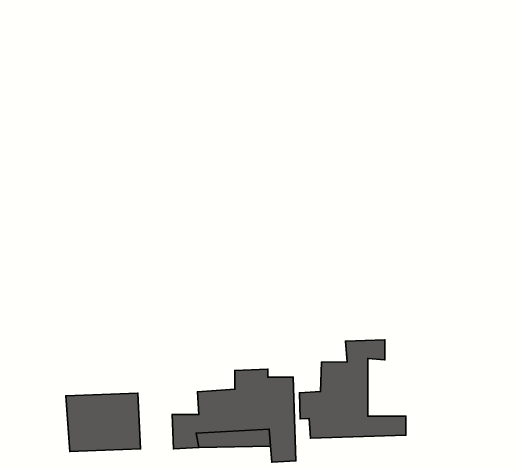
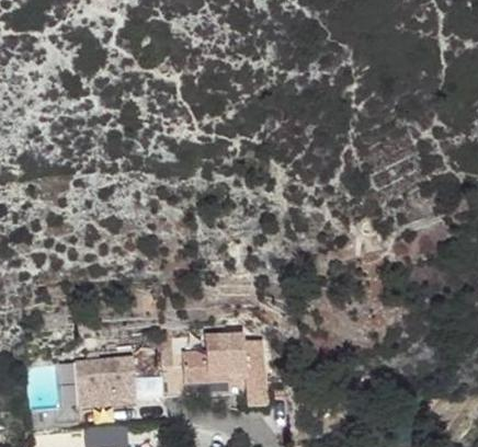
building: [300,340,406,438] -> none

